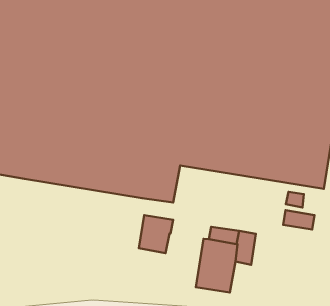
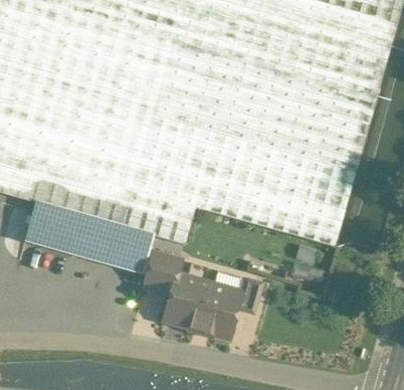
building: none -> [28,203,154,271]
building: none -> [164,273,210,330]

